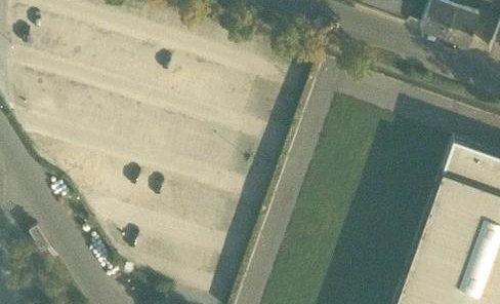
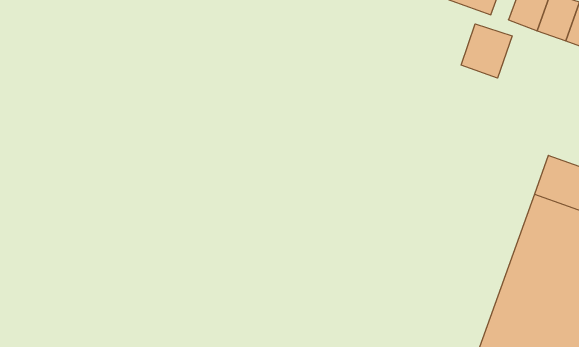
building: none -> [461,24,512,78]

